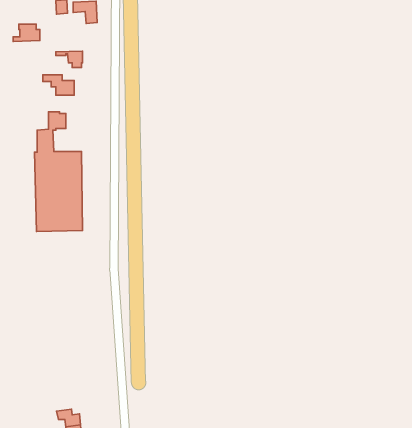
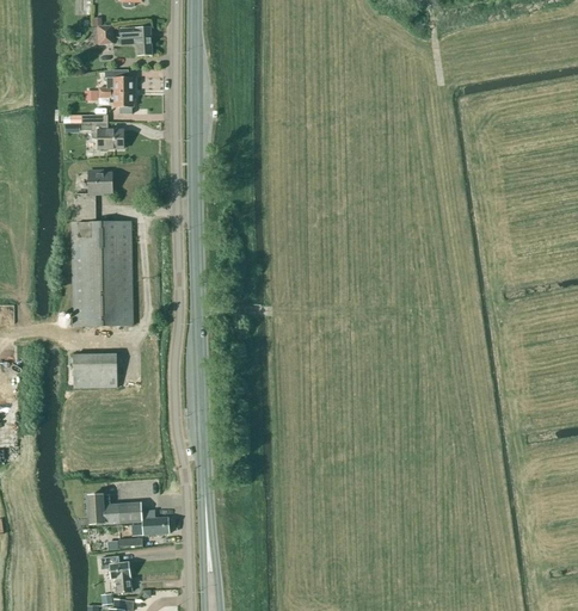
building: [13,24,40,42] -> [98,70,133,93]
building: none -> [73,353,117,388]
building: none -> [85,495,170,536]

